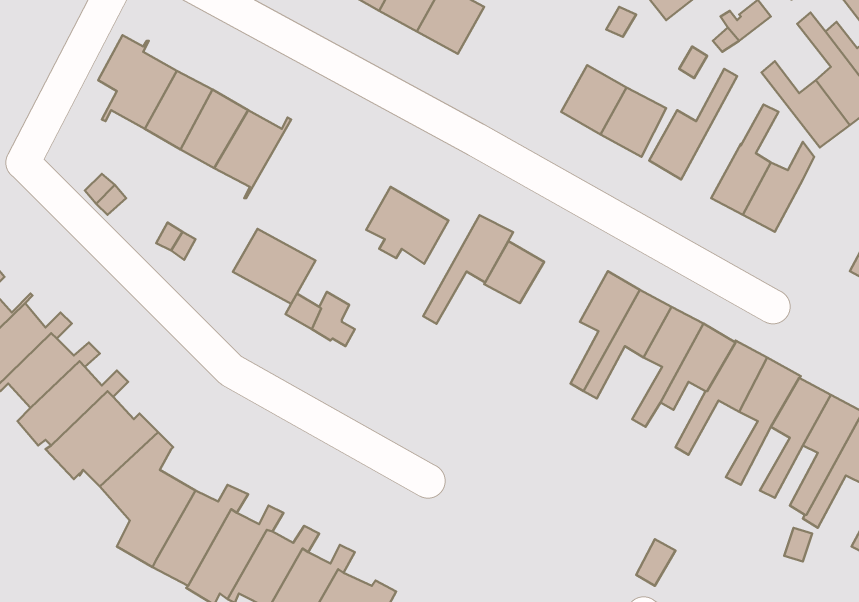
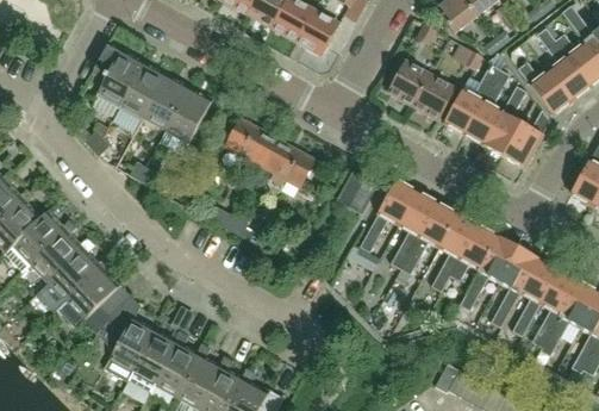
building: none -> [463,68,508,145]
building: [423,215,513,324] -> [360,181,417,250]
building: [233,229,315,304] -> [226,118,279,166]

